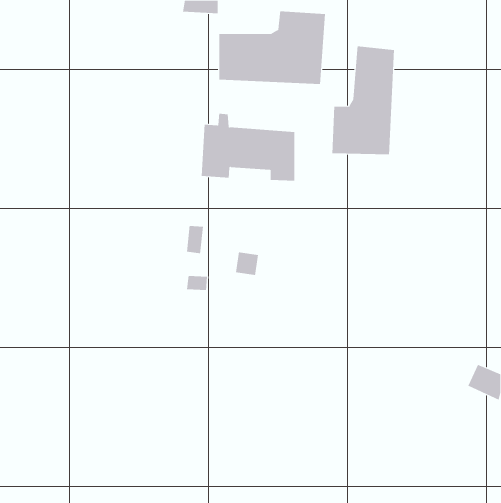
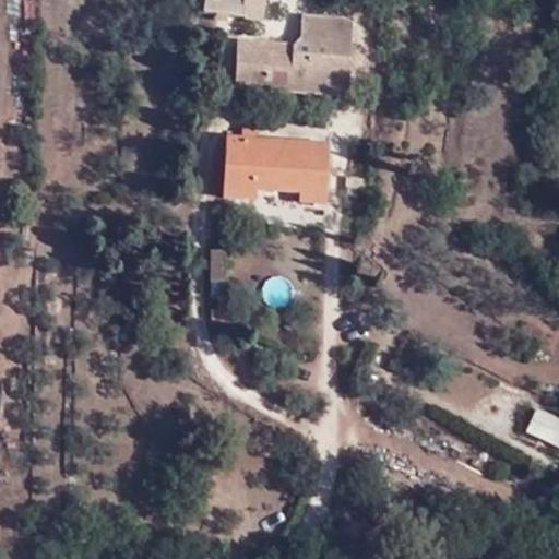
building: [332,46,395,155] -> none

